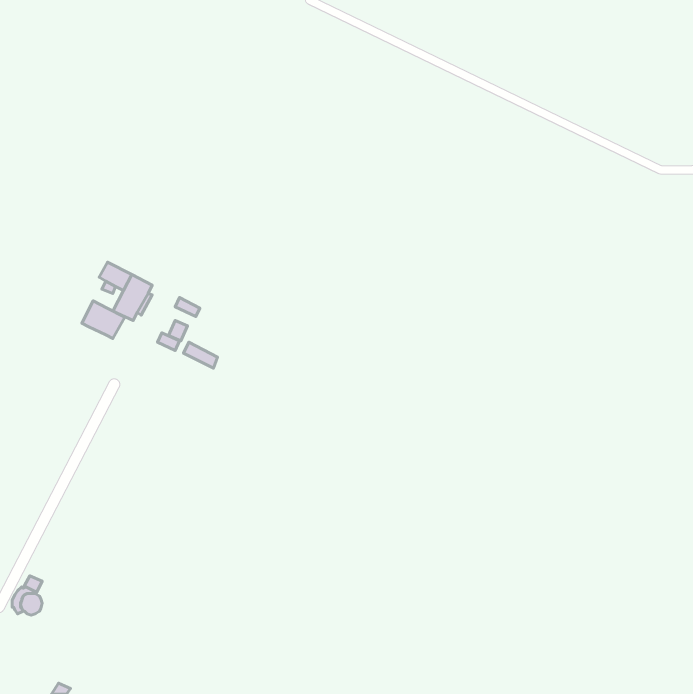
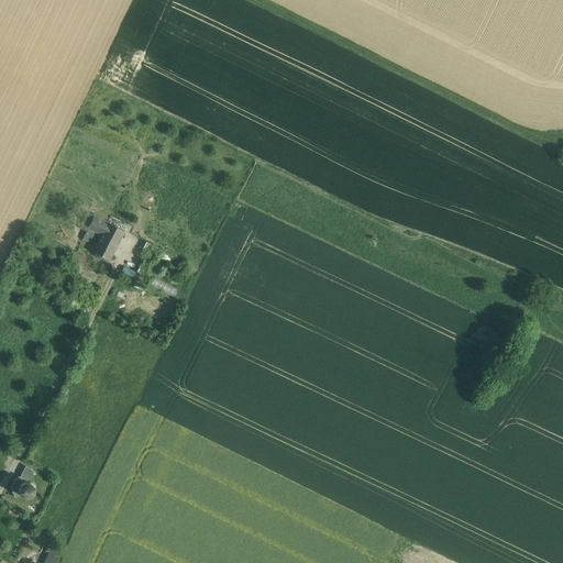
building: [82,301,125,339] -> none

